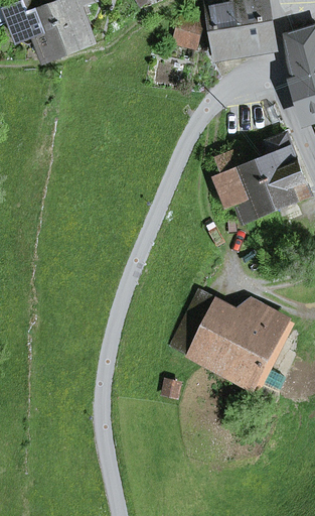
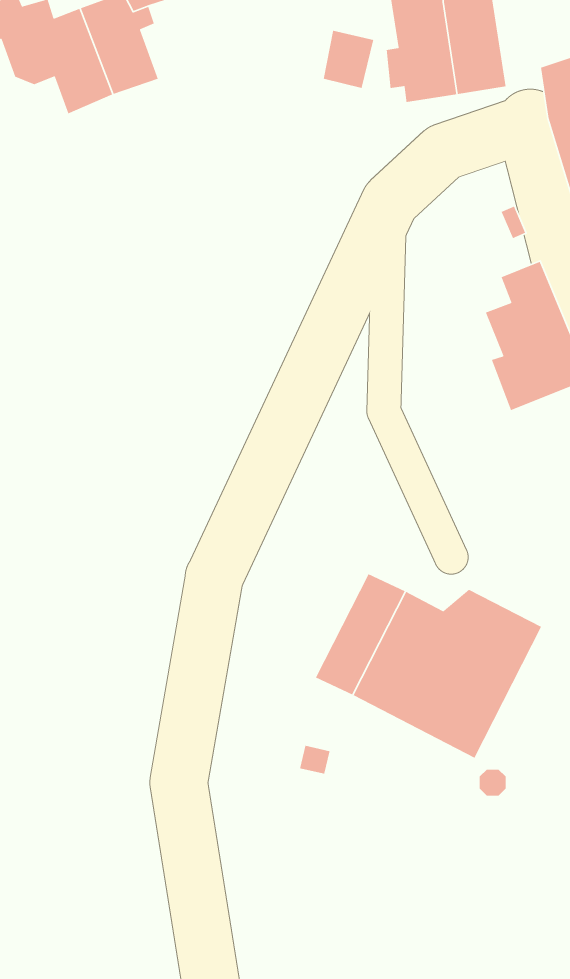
building: [216,150,272,222] -> none

